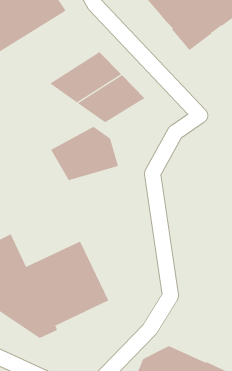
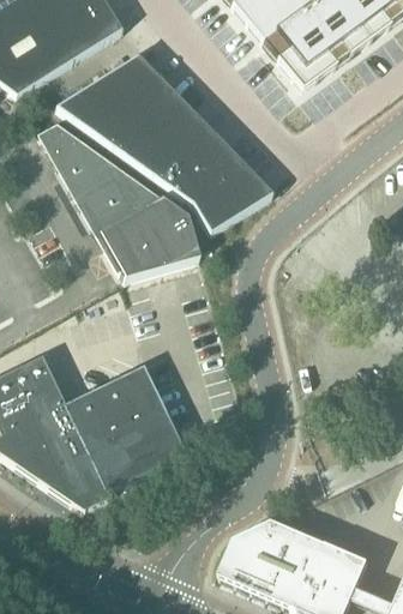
building: none -> [56,53,172,136]
building: none -> [42,122,163,233]
building: none -> [180,157,273,231]

